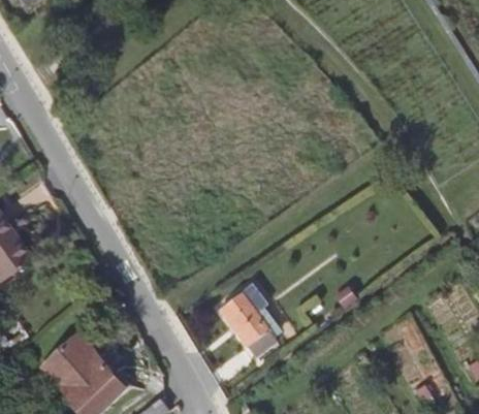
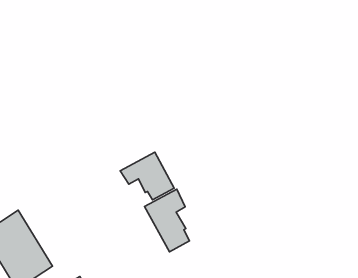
building: none -> [120,152,174,200]

